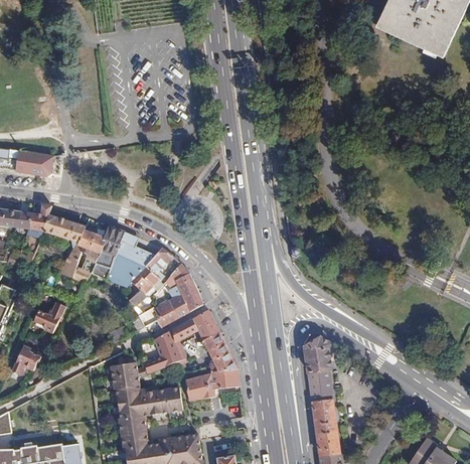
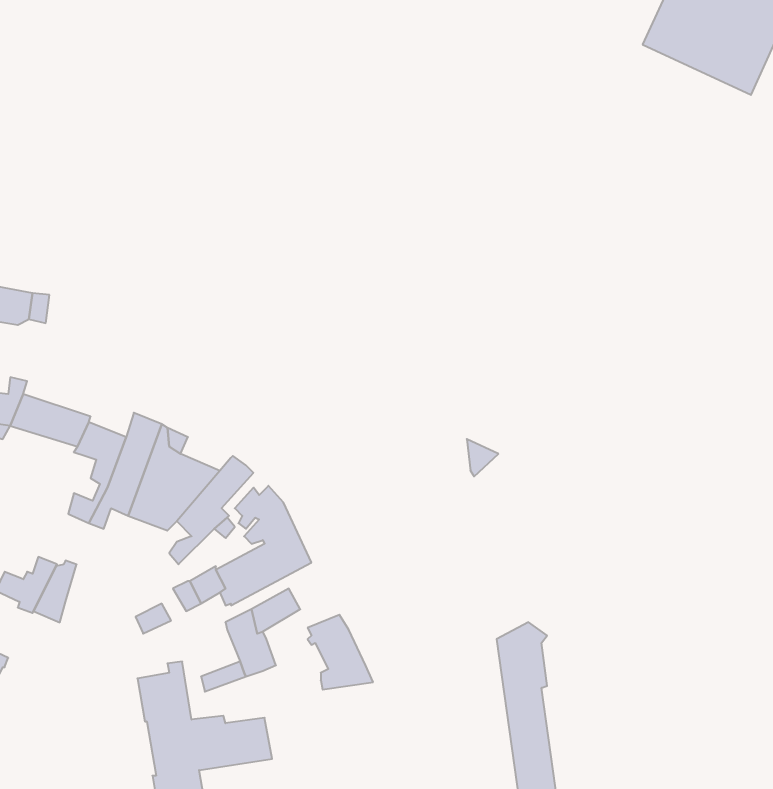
building: [58,245,82,278] -> [34,561,77,622]
building: [191,309,218,339] -> none
building: [183,367,240,401] -> none

